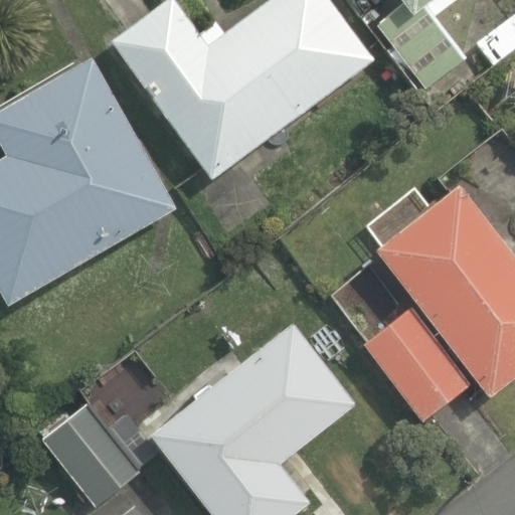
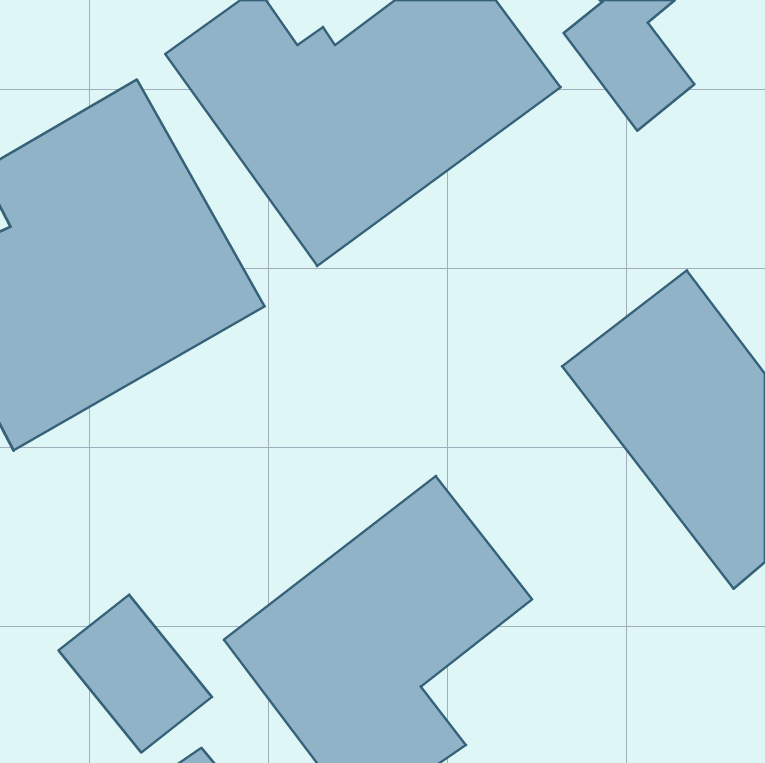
building: [364,307,471,421] -> none

